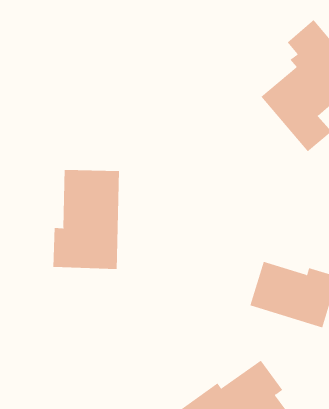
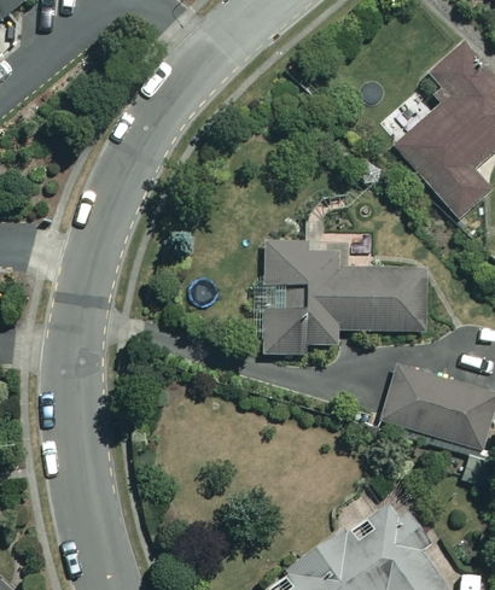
building: [53,169,120,270] -> none
building: none -> [260,241,427,356]

